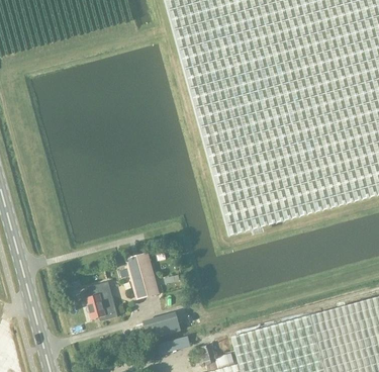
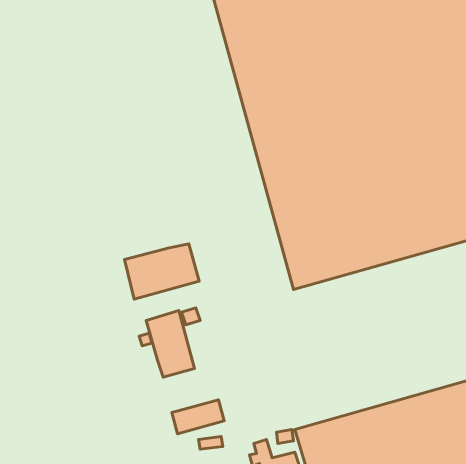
building: none -> [125,244,199,299]
building: [80,282,116,322] -> none

